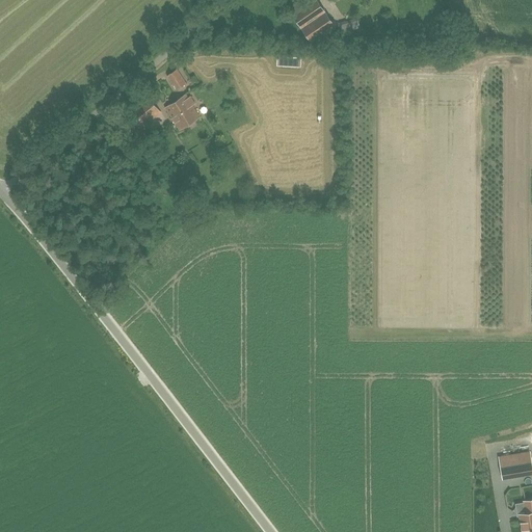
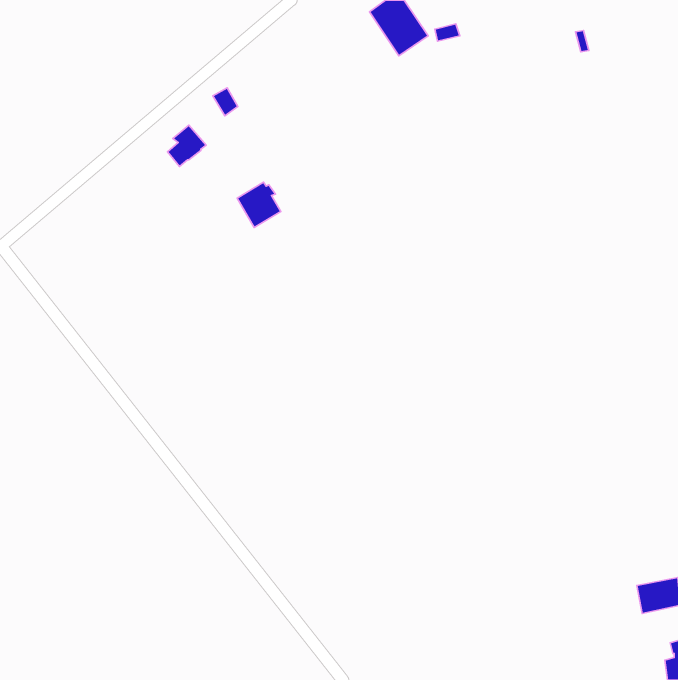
building: [166,95,201,130] -> [237,182,281,227]

